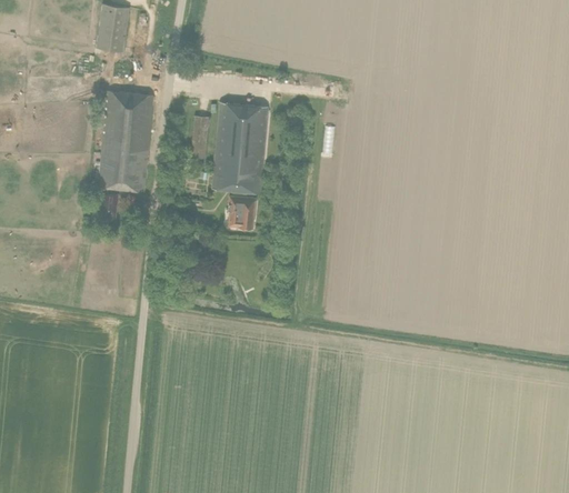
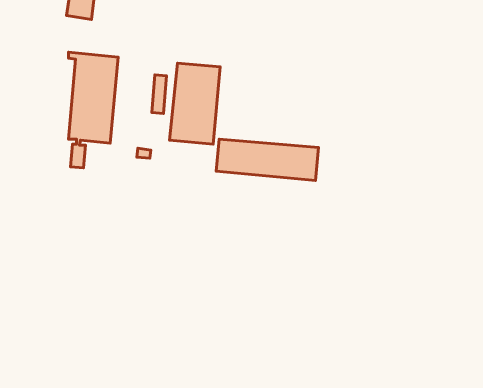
building: none -> [216,139,319,180]
building: [228,194,254,229] -> none

